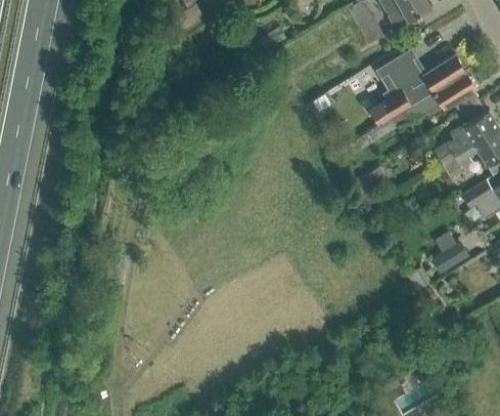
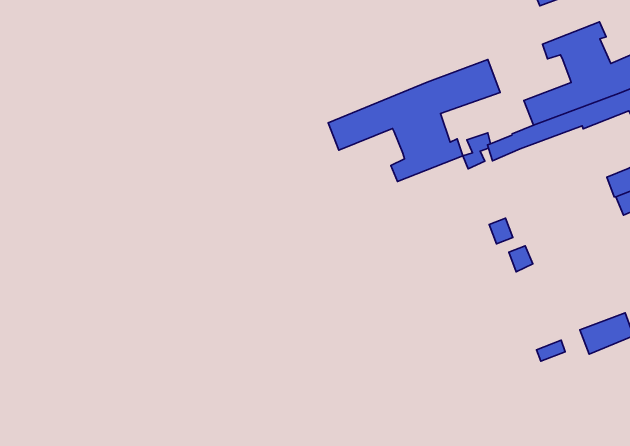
building: none -> [328,60,500,181]

